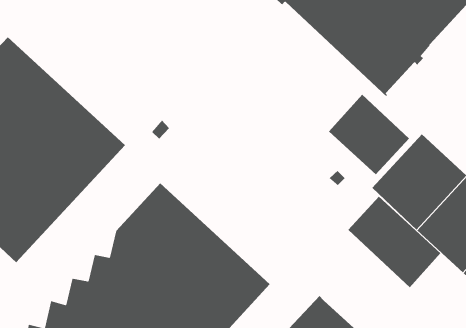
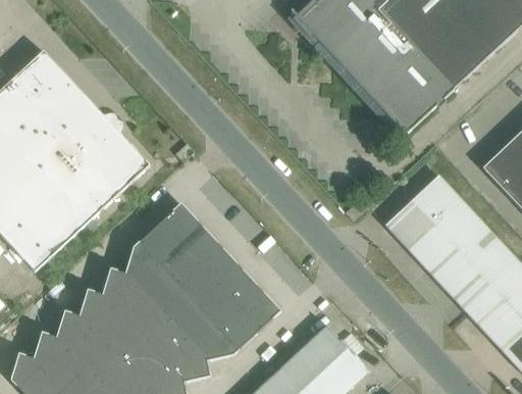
building: [328,94,410,175] -> none
building: [347,196,441,288] -> none

